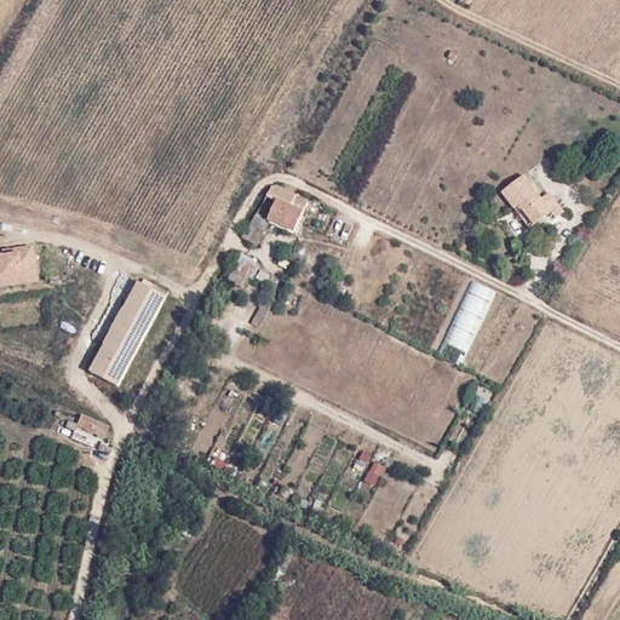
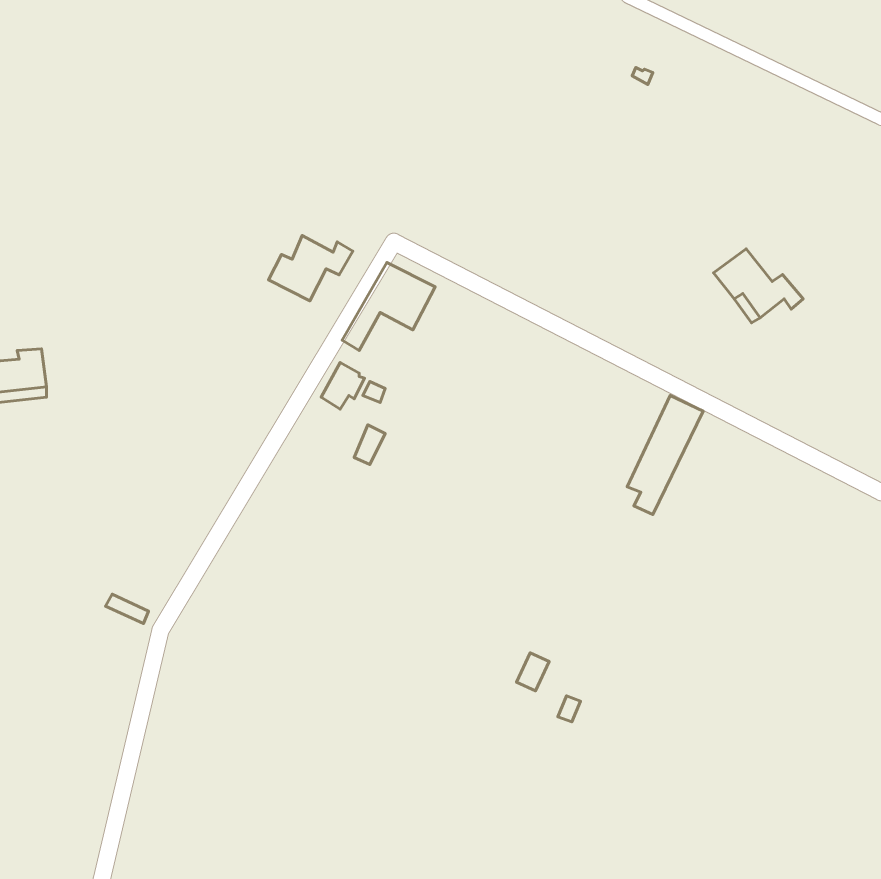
building: none -> [268,235,353,301]
building: [88,280,165,384] -> none

